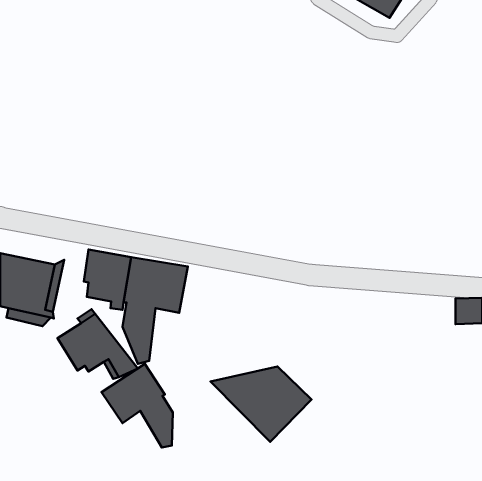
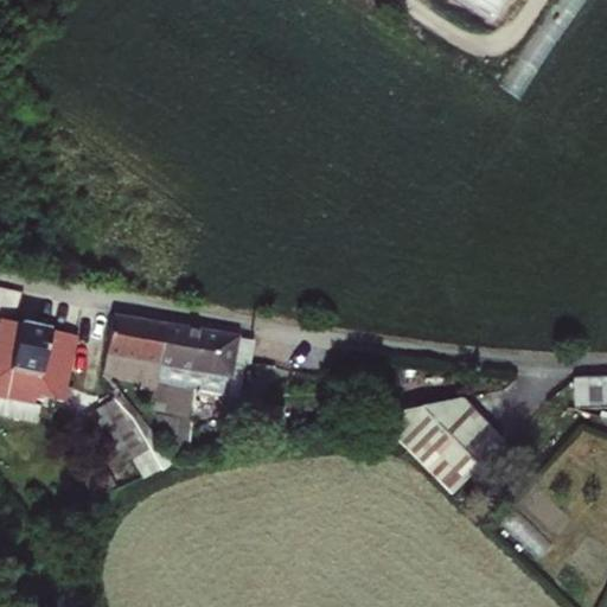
building: [101,364,173,448] -> none
building: [211,366,312,442] -> [376,397,503,492]

